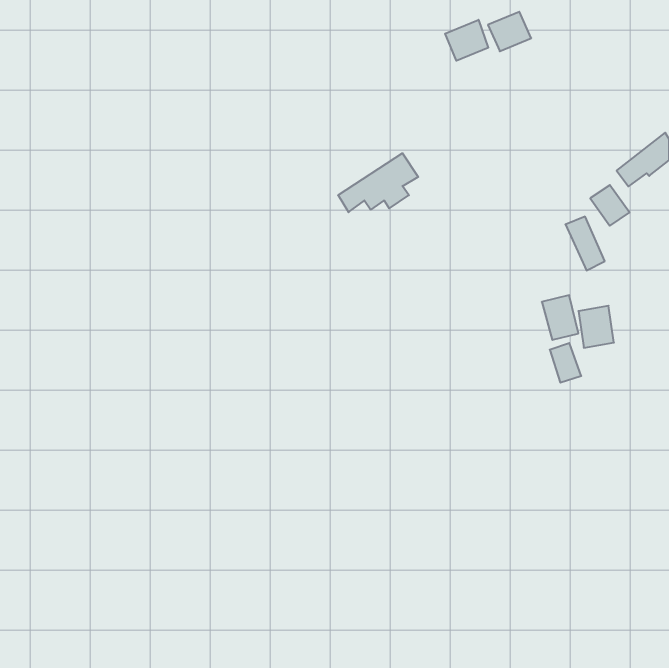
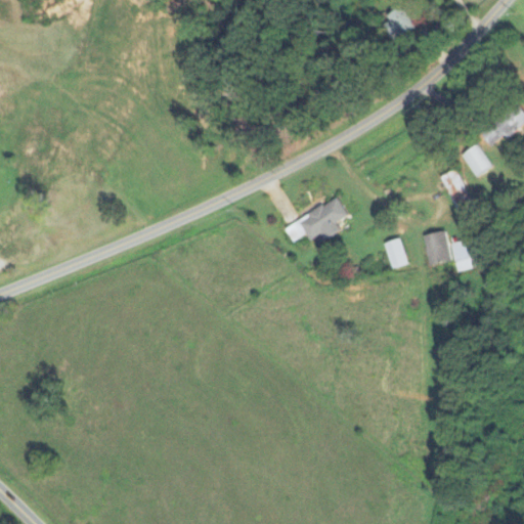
building: [445,20,488,61] -> none
building: [338,153,418,212] -> [286,196,348,243]
building: [550,343,581,383] -> [384,237,408,268]

